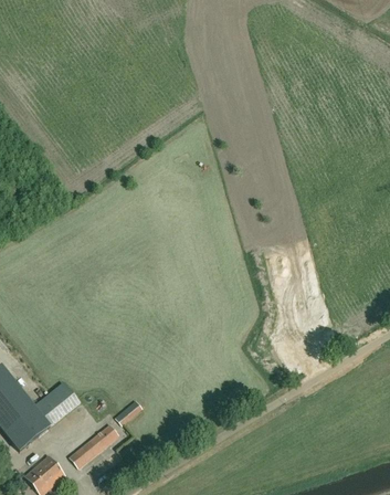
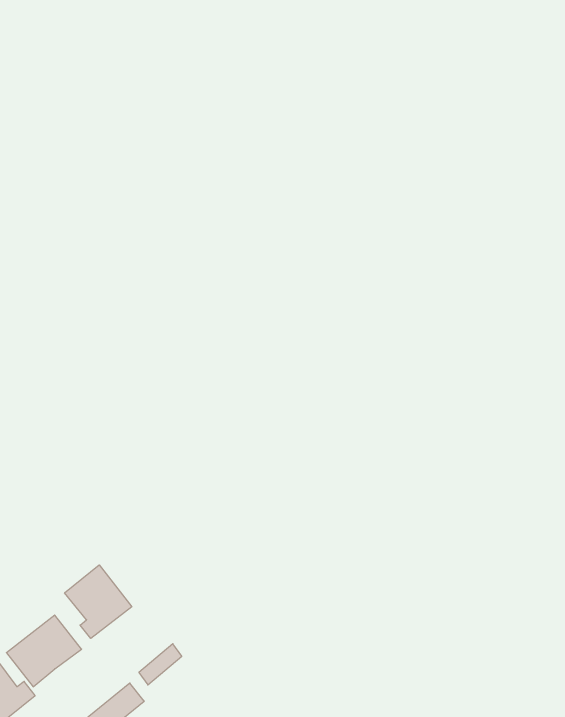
building: none -> [65,565,132,638]

